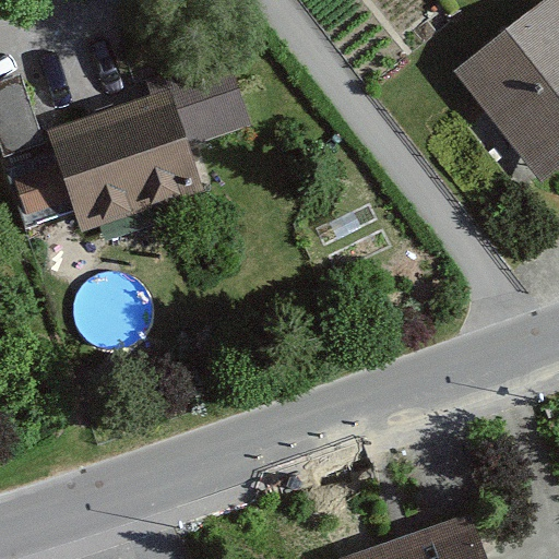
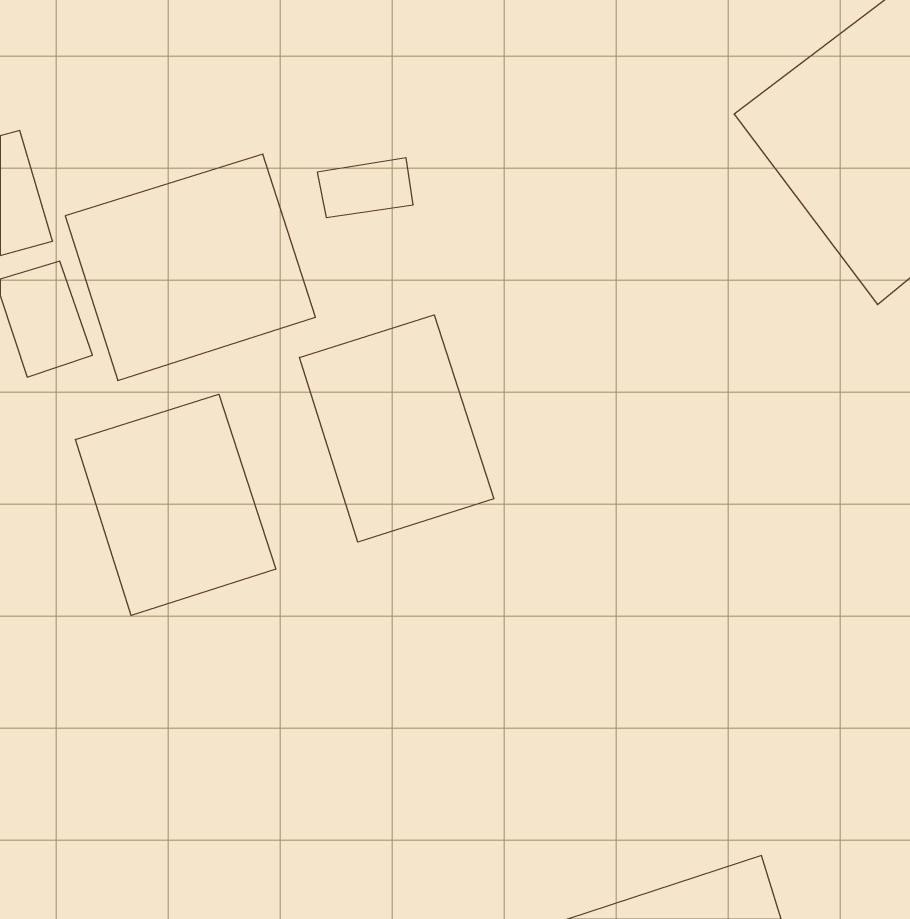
building: none -> [299,315,494,542]
building: none -> [75,394,276,615]

